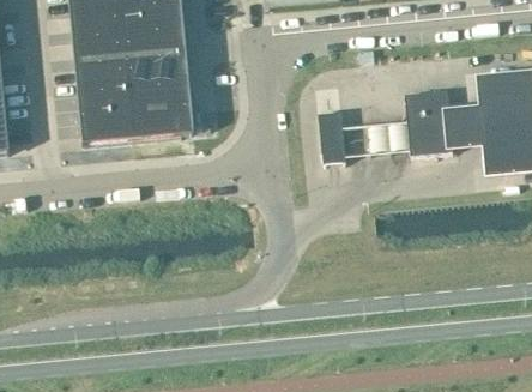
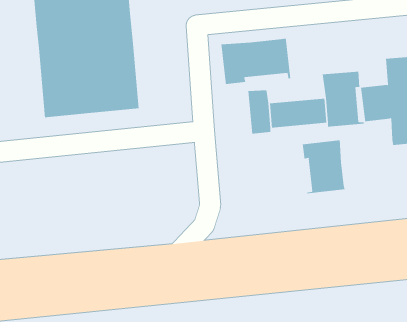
building: none -> [221,38,291,85]
building: none -> [302,140,345,194]

